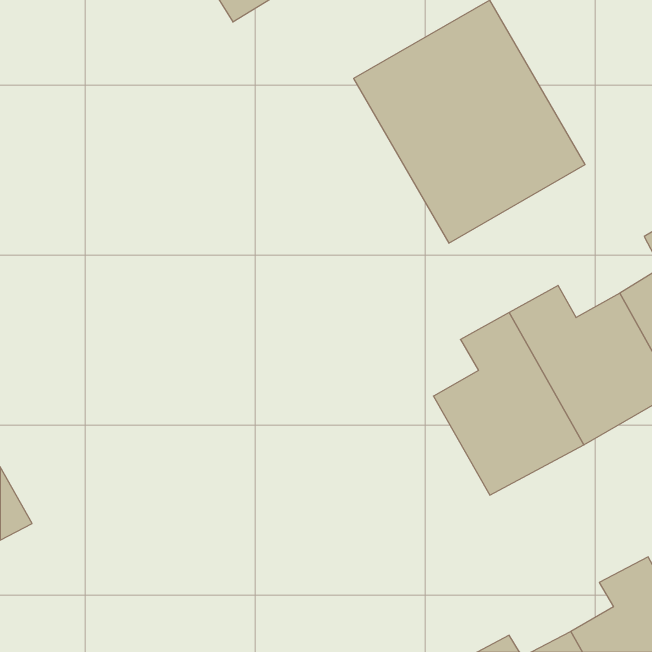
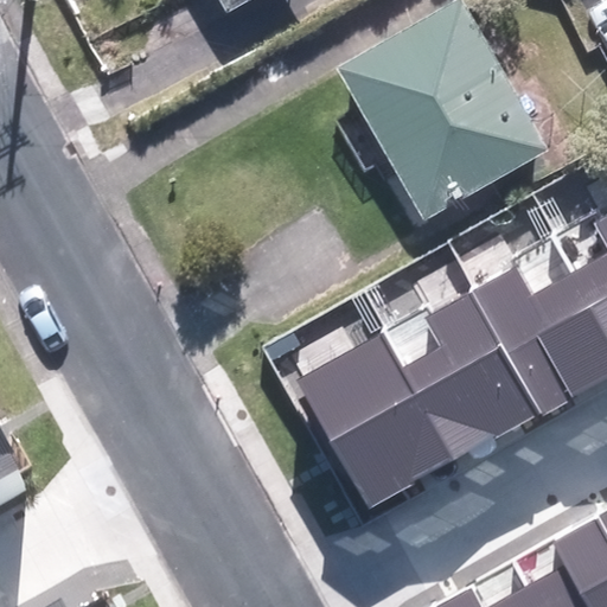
building: none -> [302,330,456,503]

